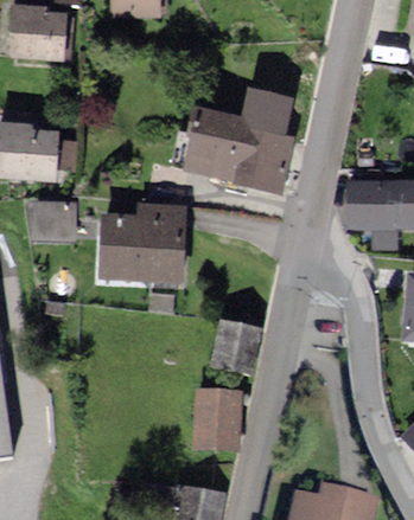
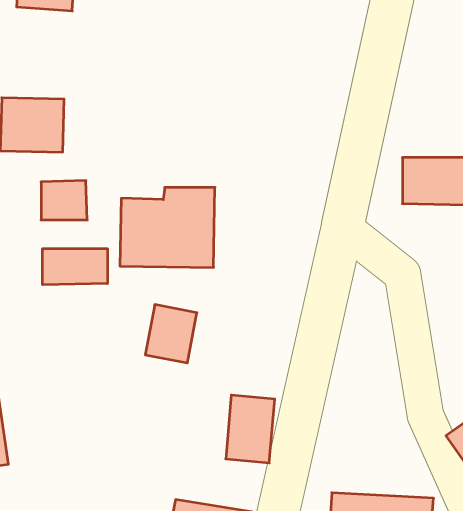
building: [180,84,292,190] -> none
building: none -> [43,249,107,285]
building: [216,322,261,373] -> [145,305,197,363]

